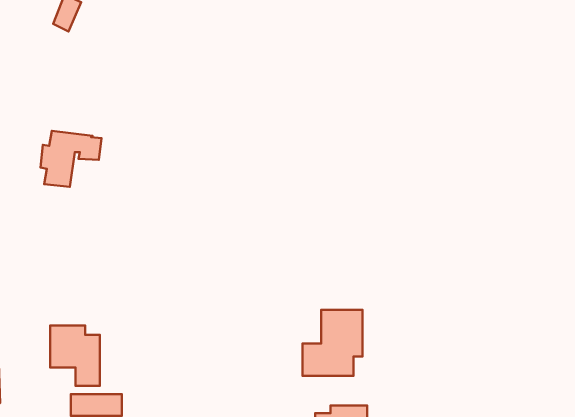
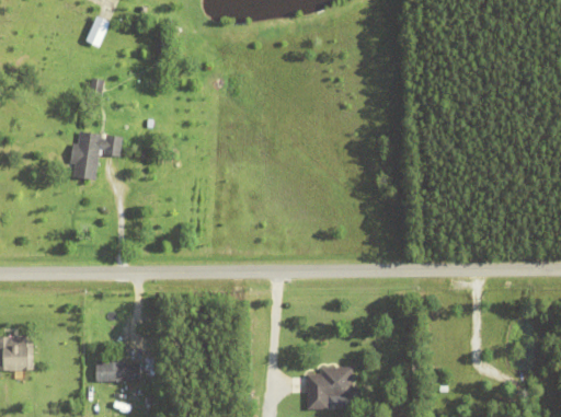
building: [303,310,363,376] -> none
building: [50,326,100,386] -> none

